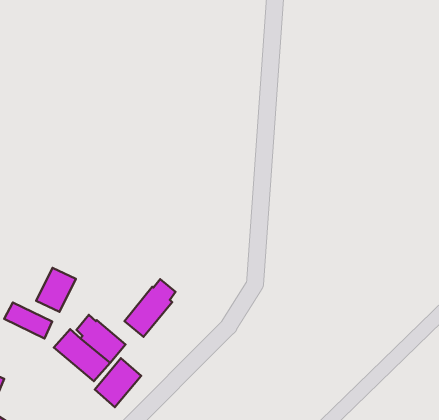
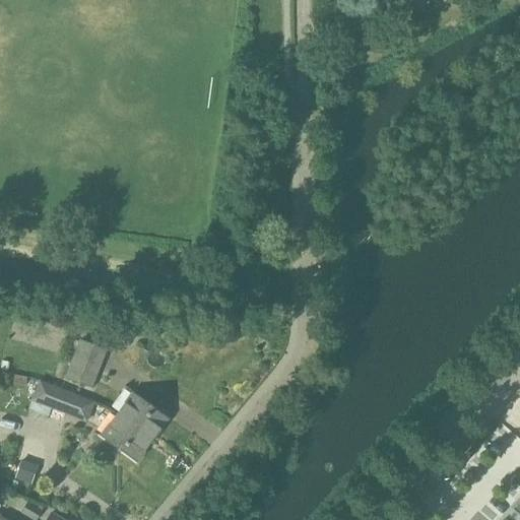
building: [125,279,175,337] -> none
building: [95,358,141,407] -> none

